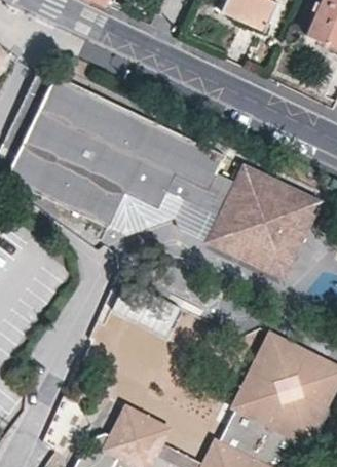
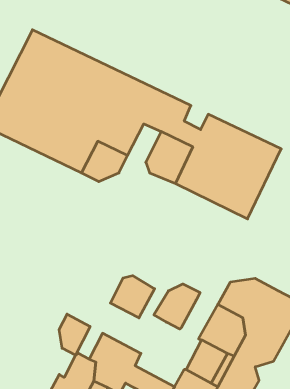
building: [149,178,194,230] -> none
building: none -> [110,276,155,318]
building: none -> [154,284,200,329]
building: none -> [59,314,90,355]

